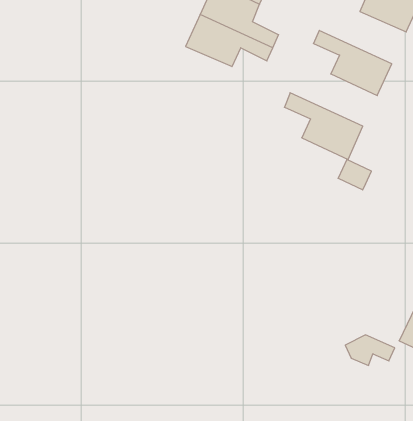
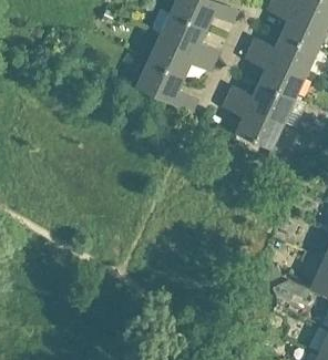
building: none -> [250,34,317,74]
building: none -> [137,61,197,111]
building: none -> [228,82,295,122]

